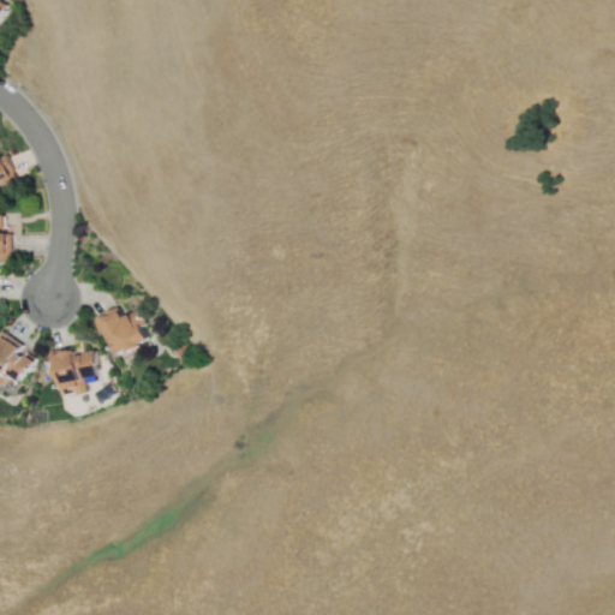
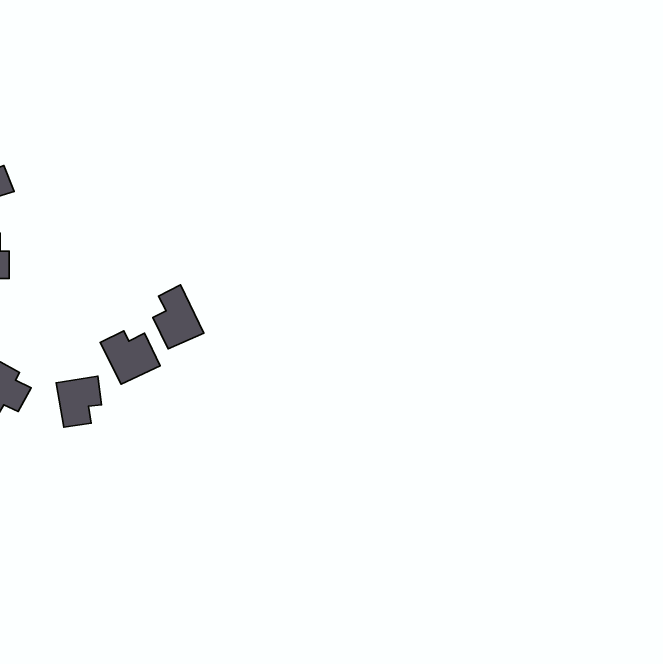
building: none -> [153,285,204,349]

